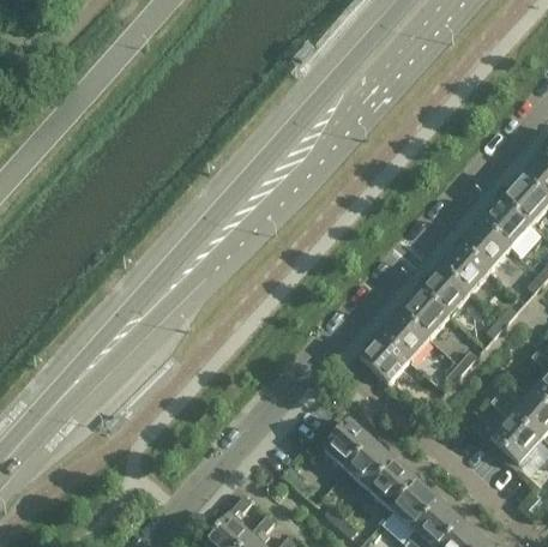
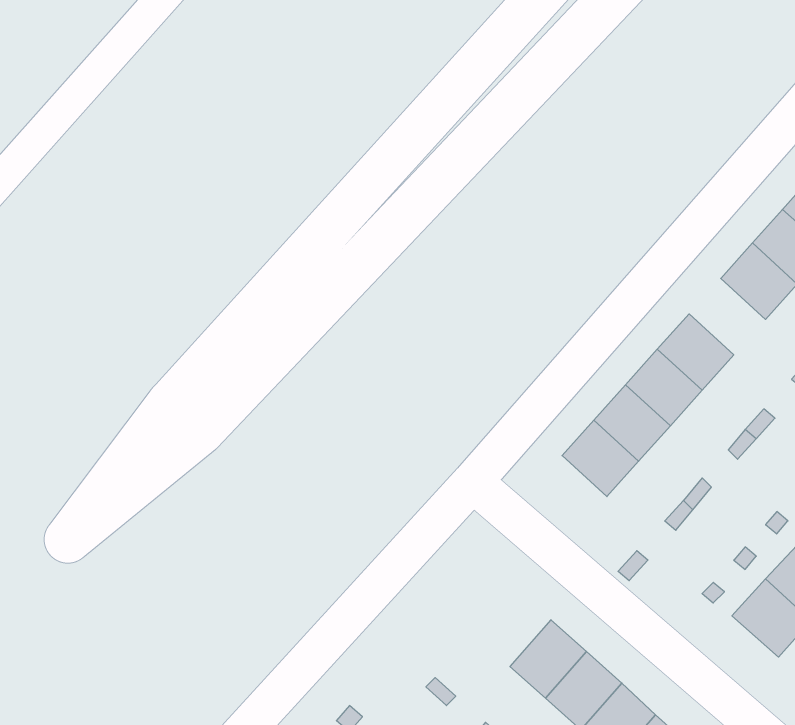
building: [460,220,510,269] -> none
building: [357,333,408,383] -> none
building: [323,419,372,469] -> none

